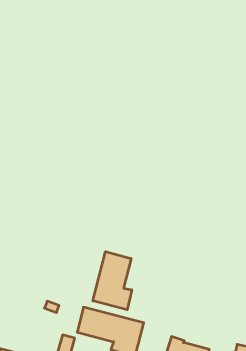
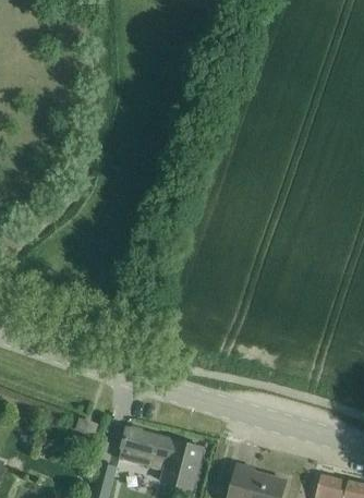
building: [93,252,132,310] -> none

